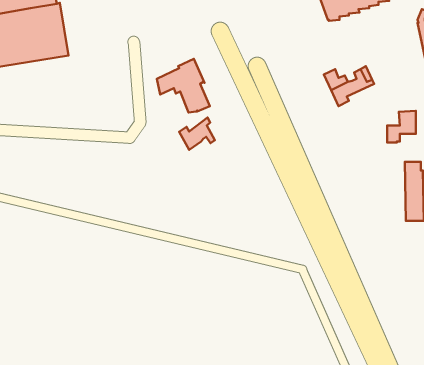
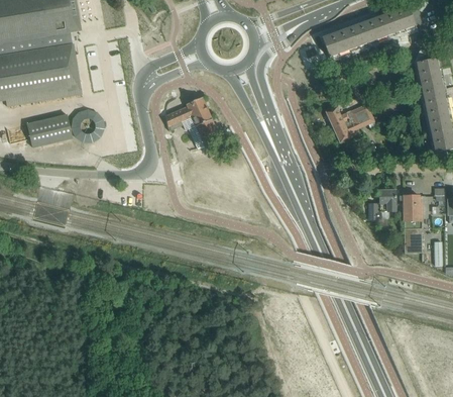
building: none -> [27,114,73,146]
building: [387,111,416,142] -> [368,189,395,219]
building: [179,118,215,150] -> none

